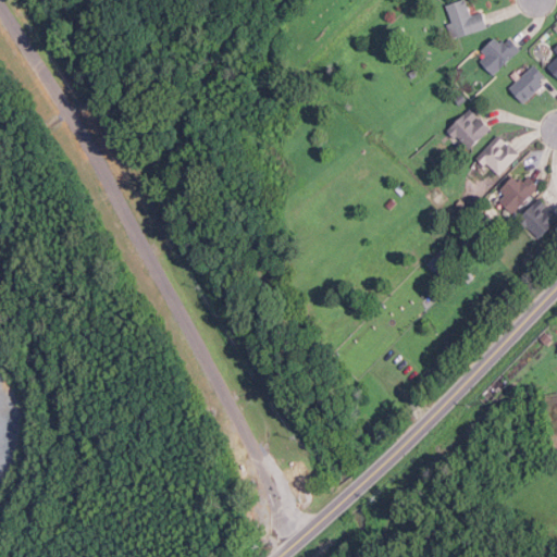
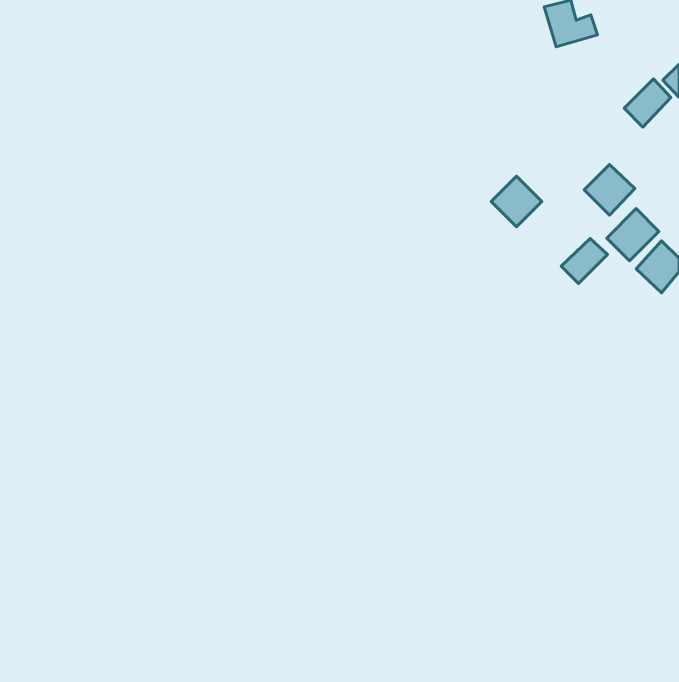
building: [479,37,519,76] -> none
building: [447,109,488,150] -> [491,176,542,227]
building: none -> [561,239,608,284]

